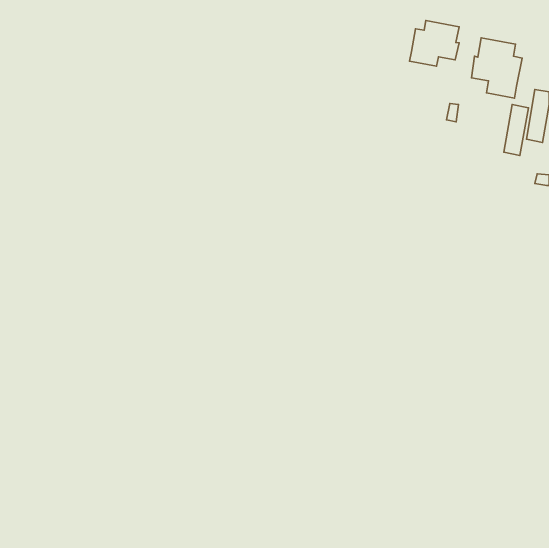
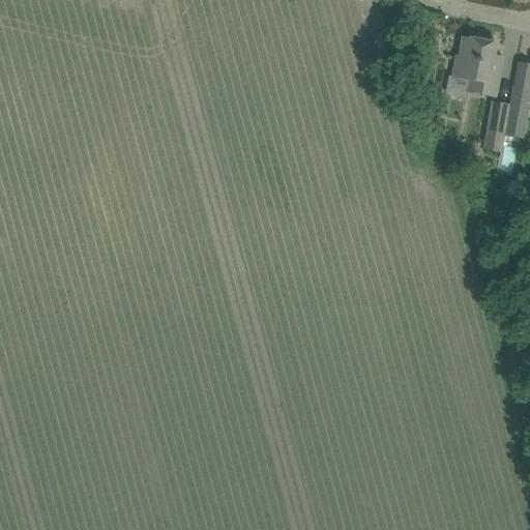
building: [409,21,459,66] -> none

